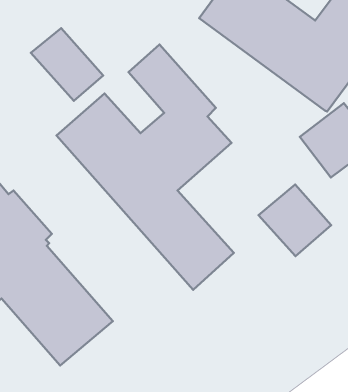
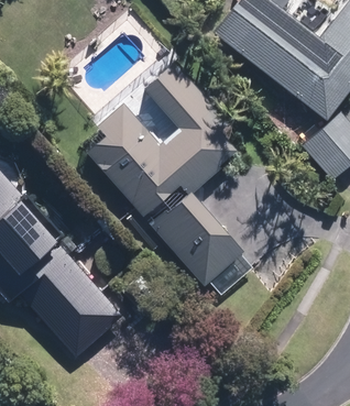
building: [31,28,103,101] -> none
building: [259,184,331,256] -> none

